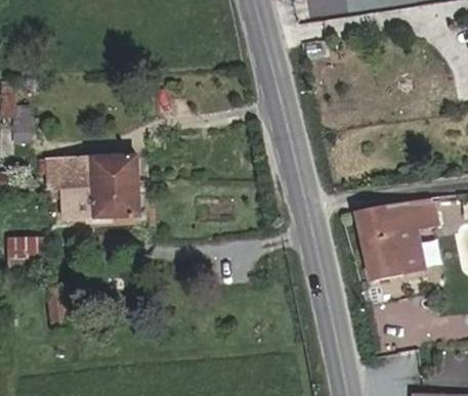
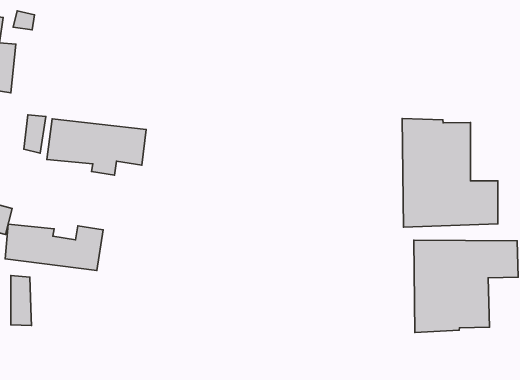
building: none -> [402,118,498,227]
building: [60,184,136,219] -> [5,224,103,270]

